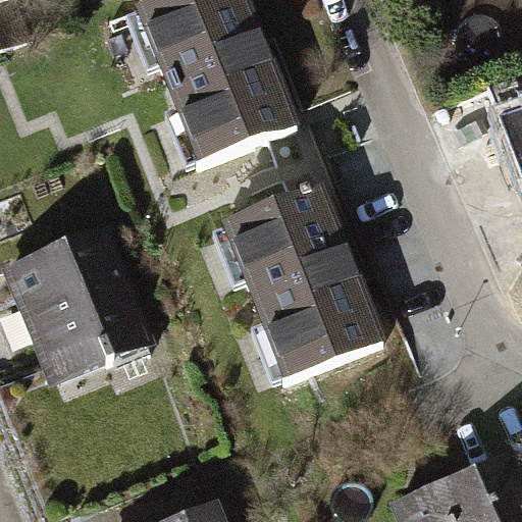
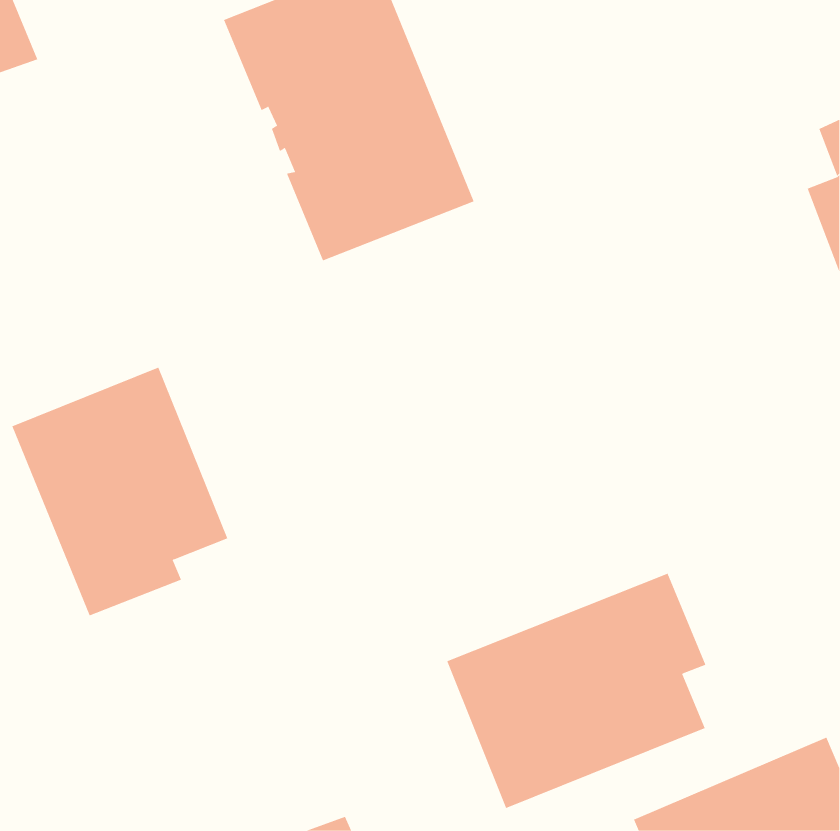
building: [225,188,378,377] -> none
building: none -> [447,573,706,809]

